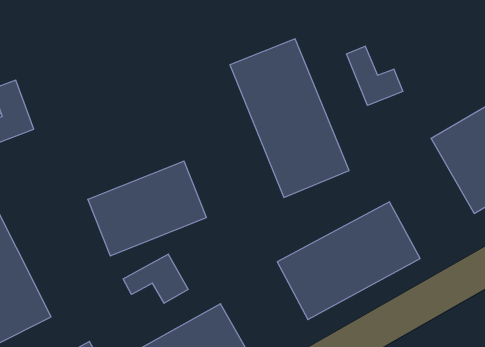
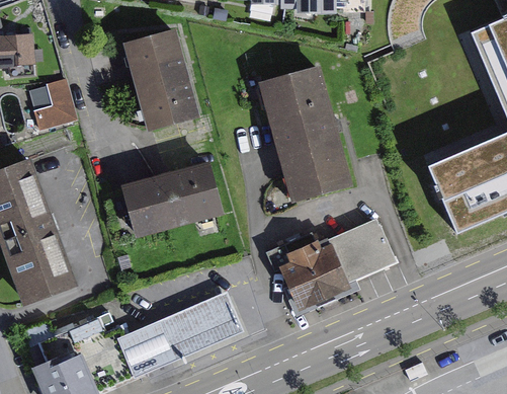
building: none -> [120,27,201,133]
building: [347,46,403,105] -> none
building: [123,254,188,303] -> none

